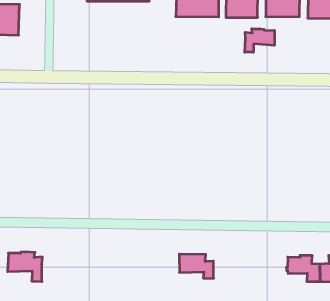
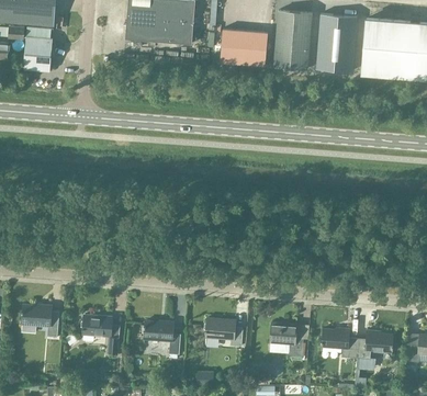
building: [245,29,274,52] -> none
building: none -> [270,324,303,357]
building: none -> [82,315,119,354]
building: none -> [143,320,180,354]

